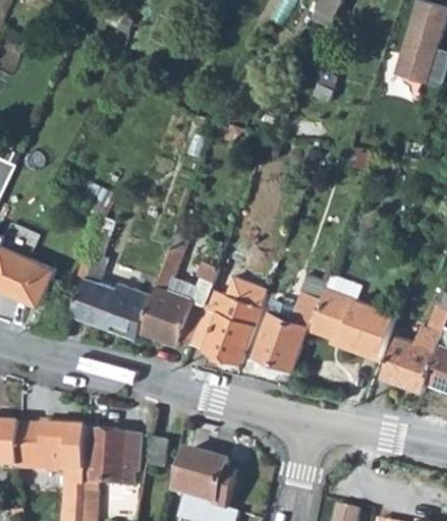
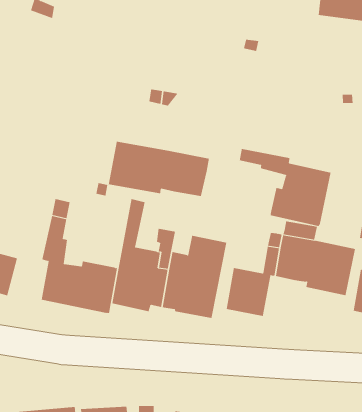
building: none -> [108,141,210,197]
building: none -> [239,148,331,227]

